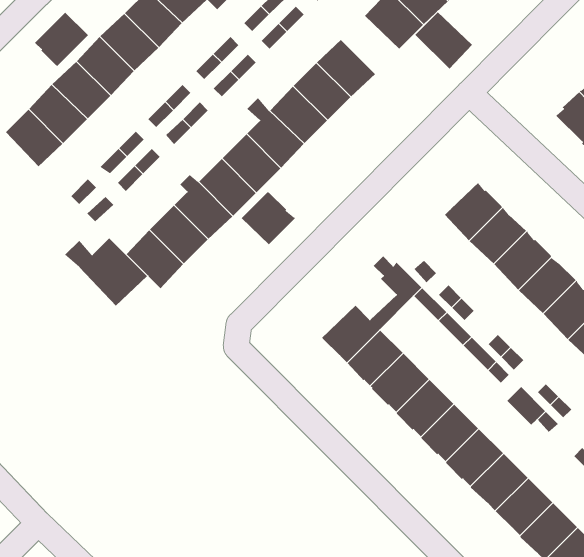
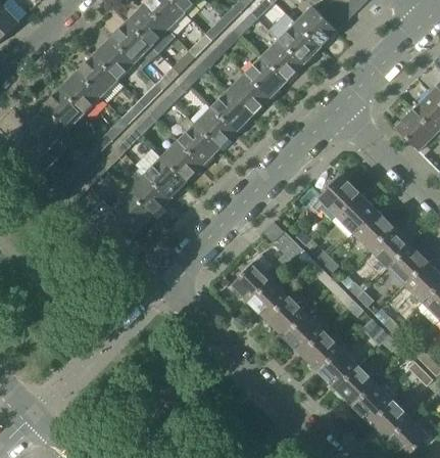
building: [415,11,473,70] -> [245,57,286,98]
building: [34,12,89,68] -> none
building: [241,190,296,245] -> none
building: [64,237,148,306] -> none

